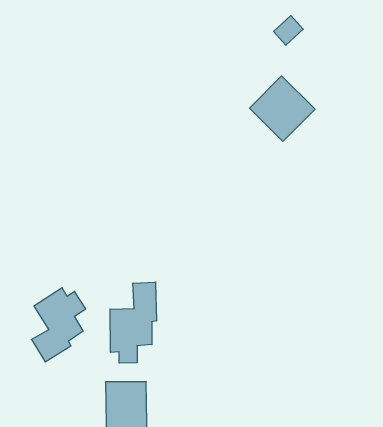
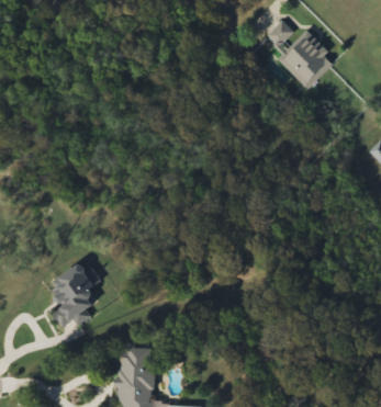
building: [250,76,315,141] -> [277,32,335,90]
building: [110,282,157,363] -> none

